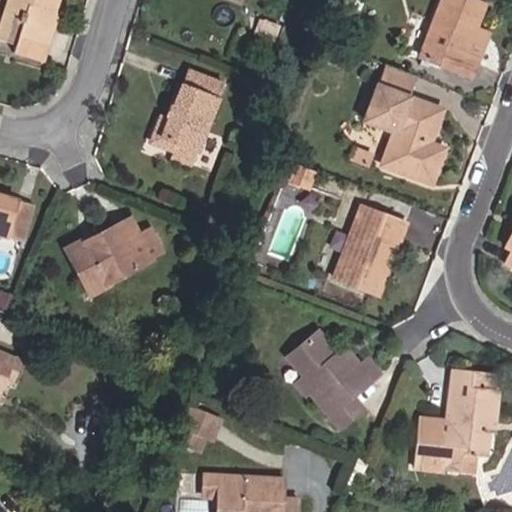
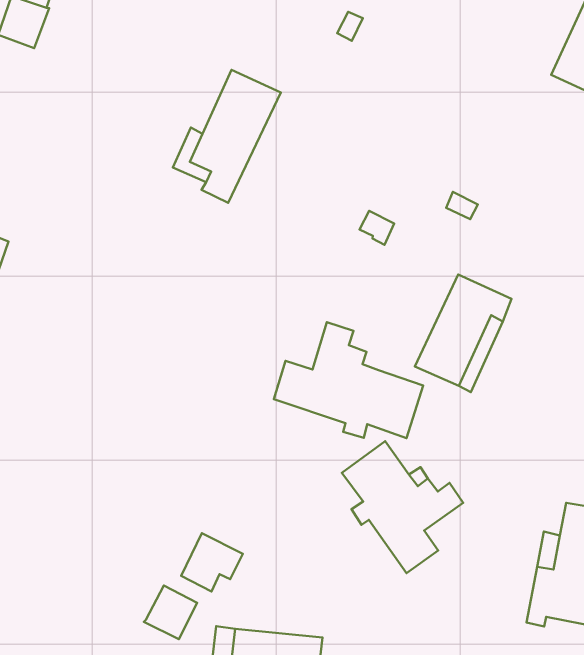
building: [367,65,444,186] -> none
building: [68,219,150,291] -> none
building: none -> [274,322,423,438]
building: none -> [144,585,197,639]

